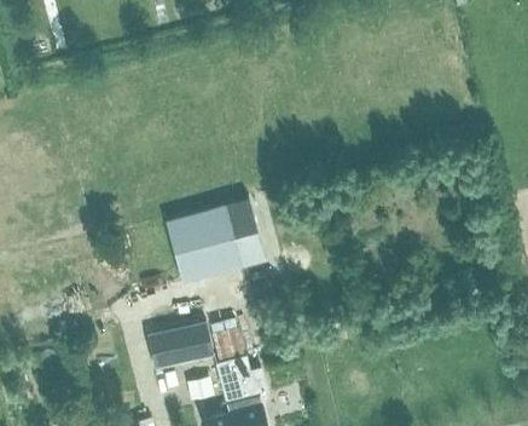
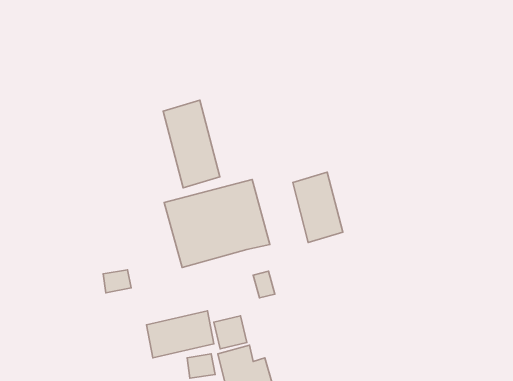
building: none -> [163,100,220,188]
building: none -> [293,172,343,242]

